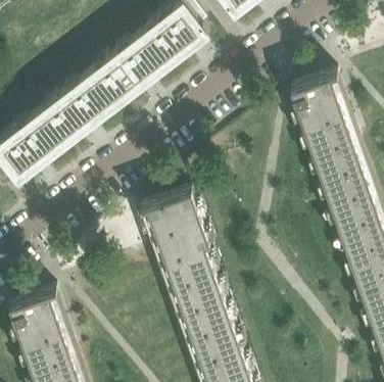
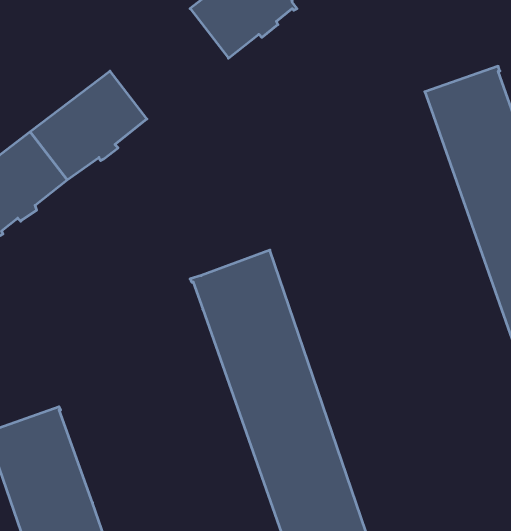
building: [88,38,163,108] -> none

